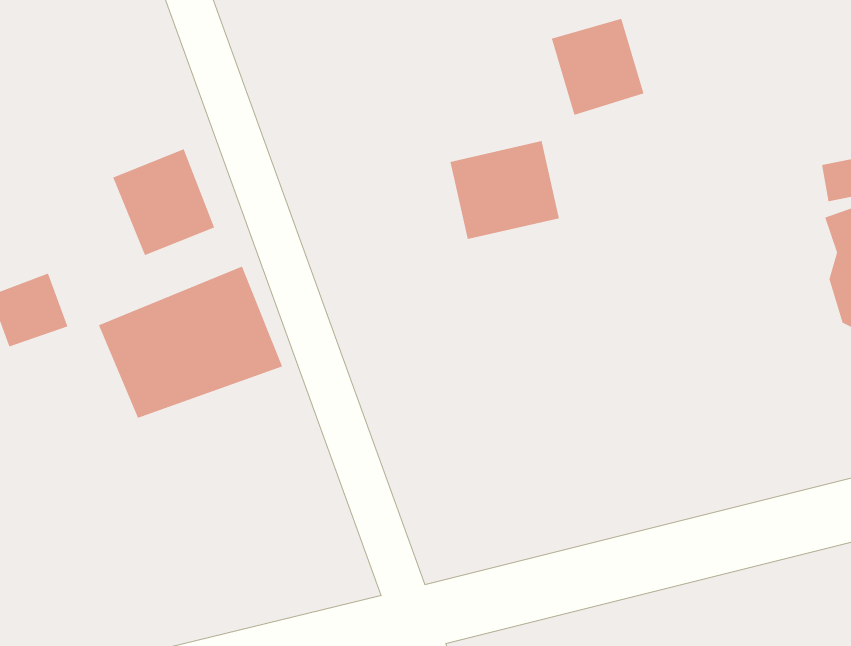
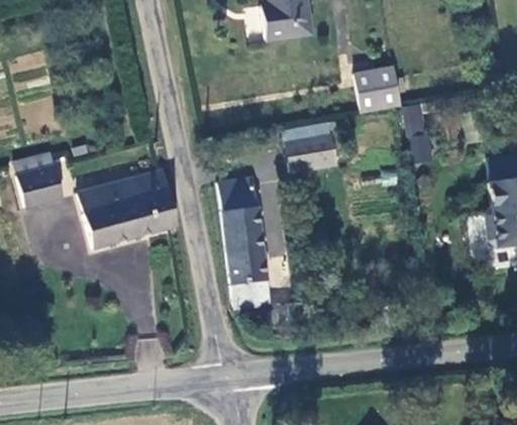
building: none -> [408,105,430,165]
building: [112,148,215,256] -> none
building: none -> [216,179,266,305]

